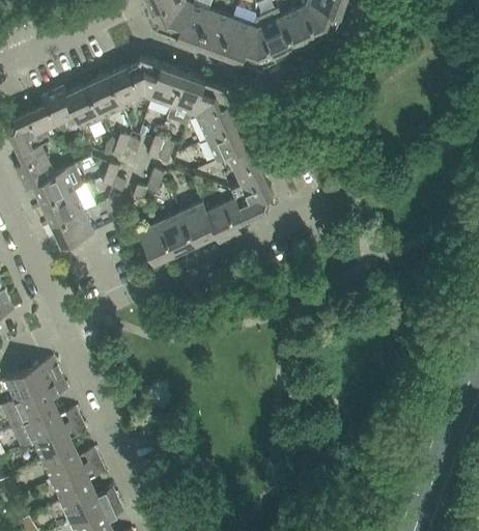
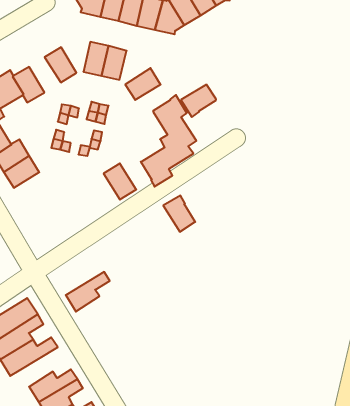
building: [128,56,163,99] -> none
building: [87,76,122,117] -> none
building: [192,80,230,119] -> none
building: [207,124,249,161] -> [181,85,216,117]
building: [180,202,216,245] -> [163,196,195,232]
building: [52,211,94,247] -> none
building: [139,221,175,263] -> none
building: [32,419,86,462] -> [66,272,110,312]

